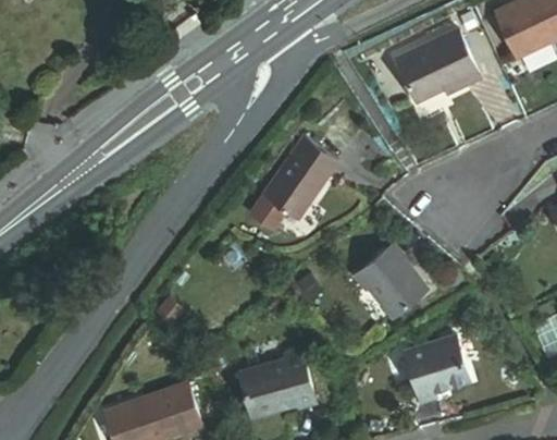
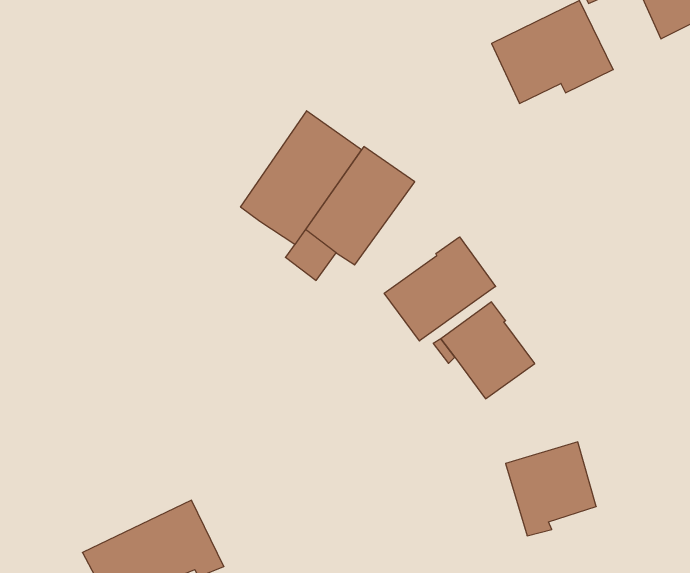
building: none -> [241,111,362,244]
building: none -> [384,237,496,341]
building: [236,353,308,417] -> none

